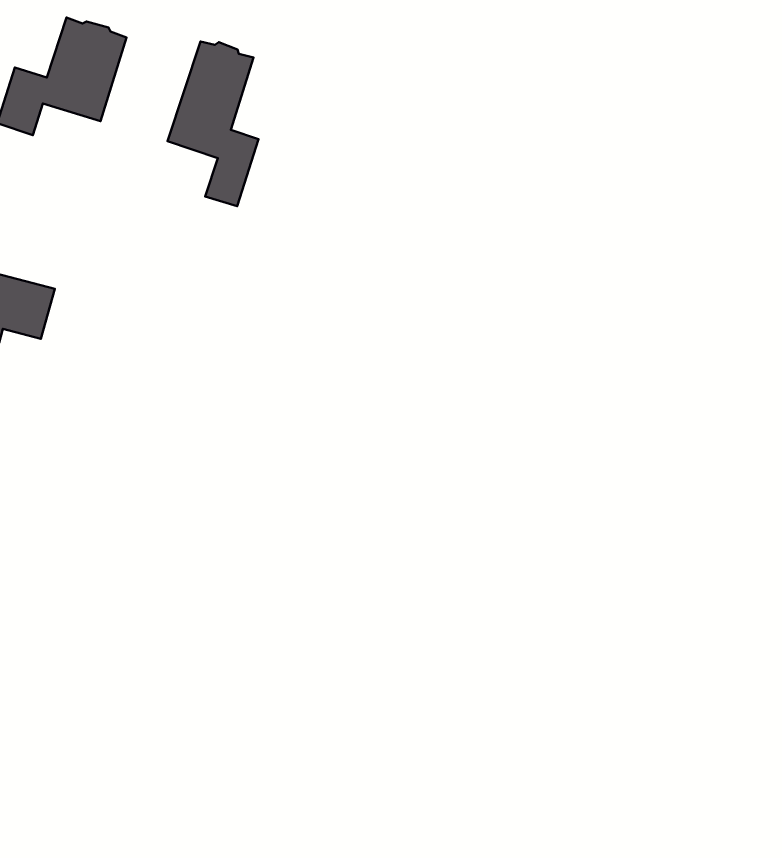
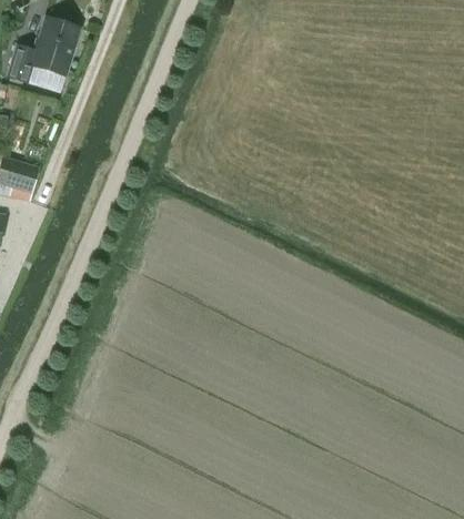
building: [167,41,259,206] -> none

